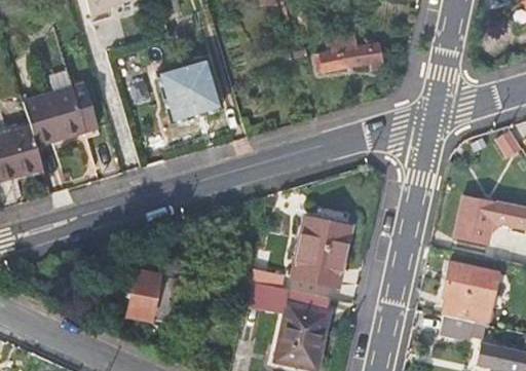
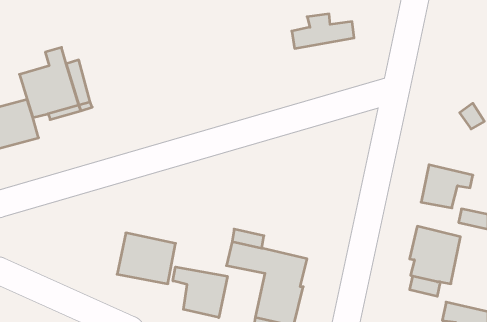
building: [156,53,223,116] -> none
building: [293,216,351,285] -> none
building: none -> [173,267,227,318]

